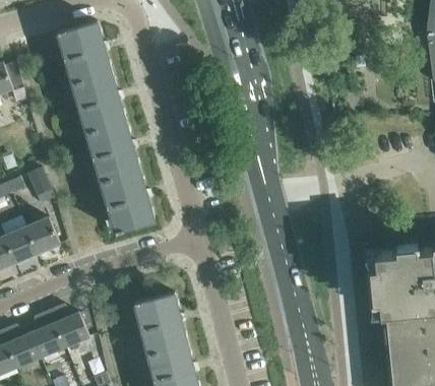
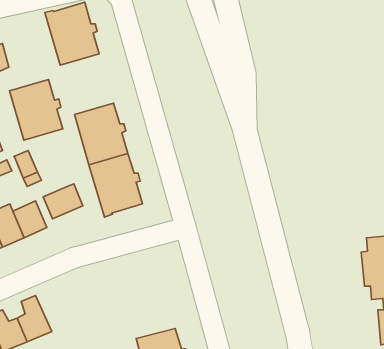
building: [72,73,125,133] -> [9,79,63,140]
building: none -> [43,184,83,219]
building: [134,295,186,355] -> none
building: [48,306,88,347] -> none

